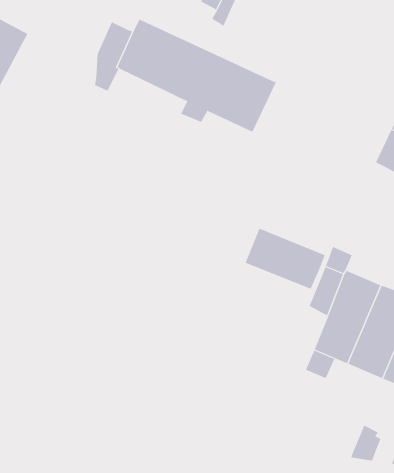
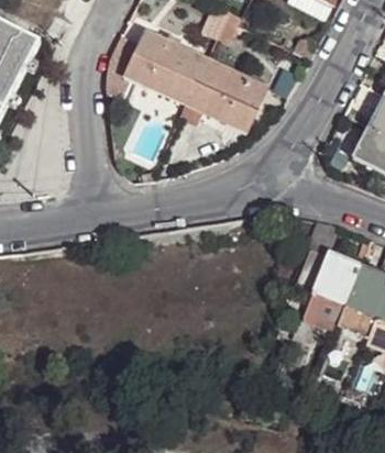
building: [245,228,326,289] -> none

